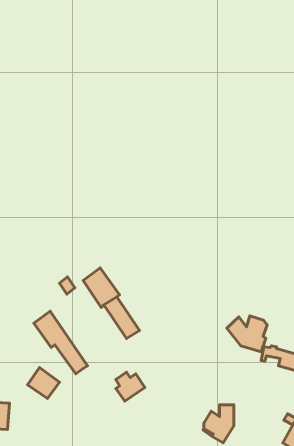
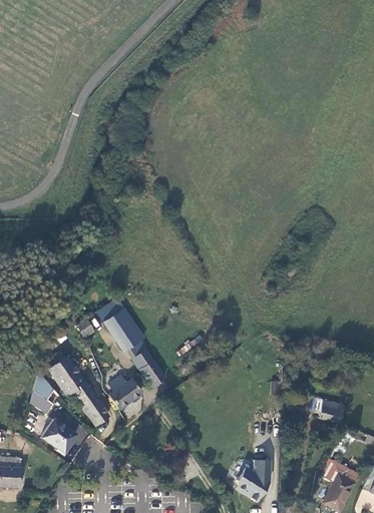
building: [227,316,267,352] -> none
building: none -> [31,371,55,415]
building: [116,372,145,401] -> [109,377,141,409]

